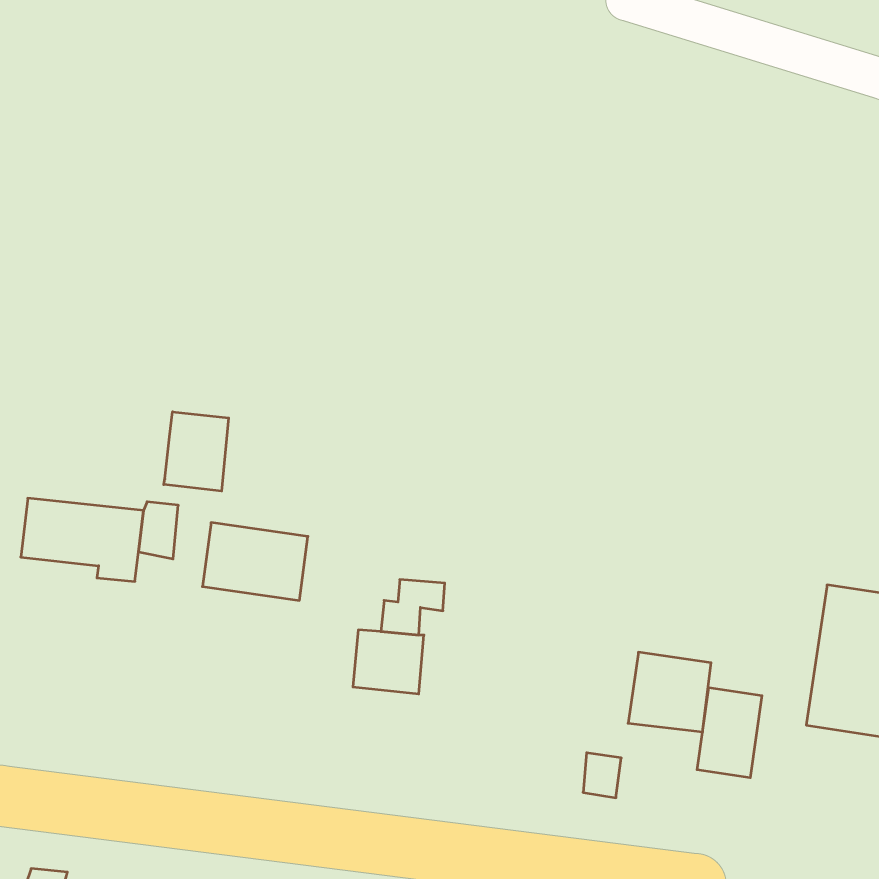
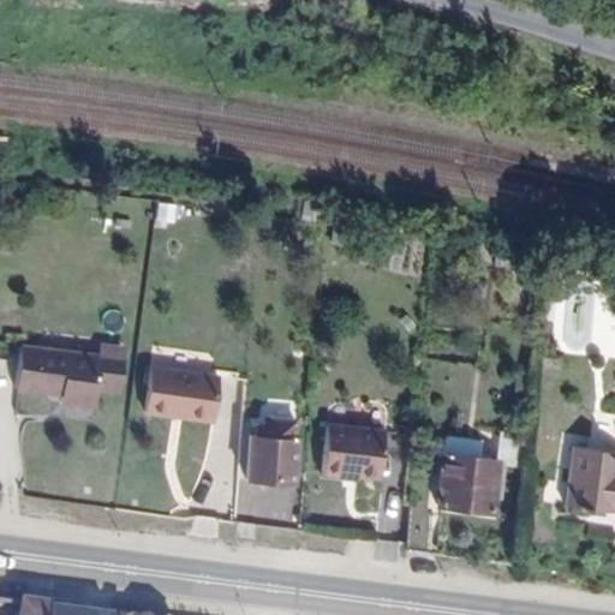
building: [164,412,229,491] -> none
building: none -> [323,426,386,478]
building: [697,688,762,778] -> none

